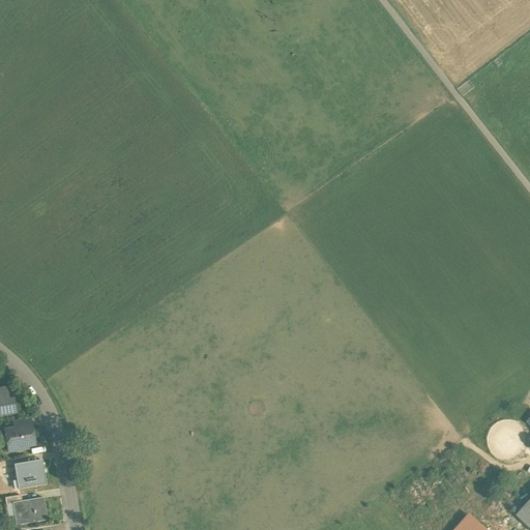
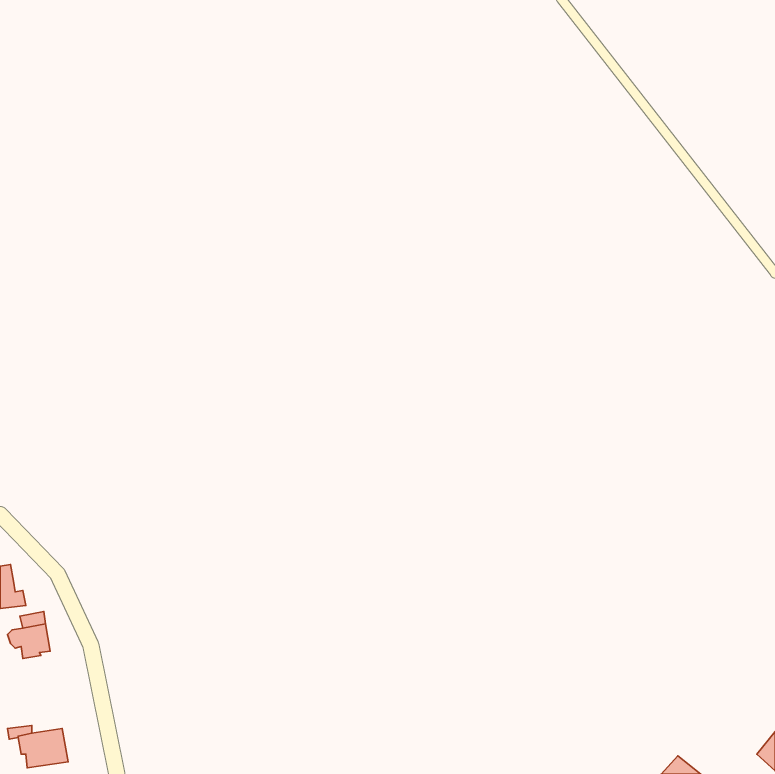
building: [14,459,46,488] -> none

